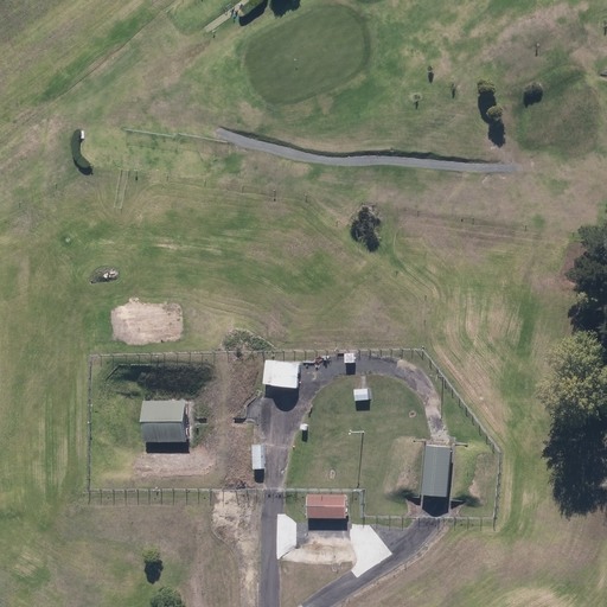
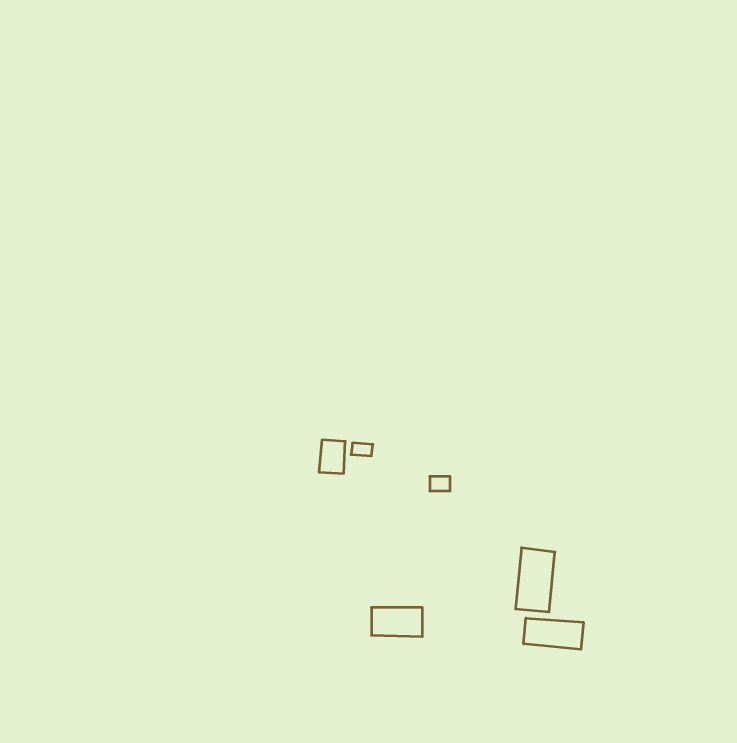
building: [142,398,184,441] -> none
building: none -> [524,618,583,649]

